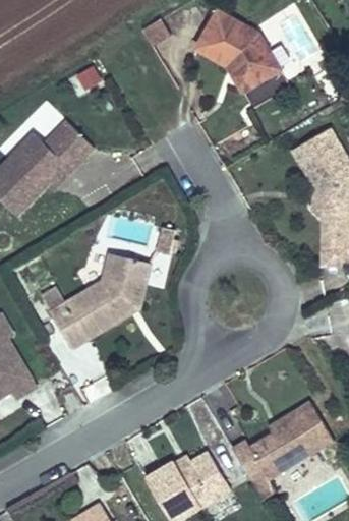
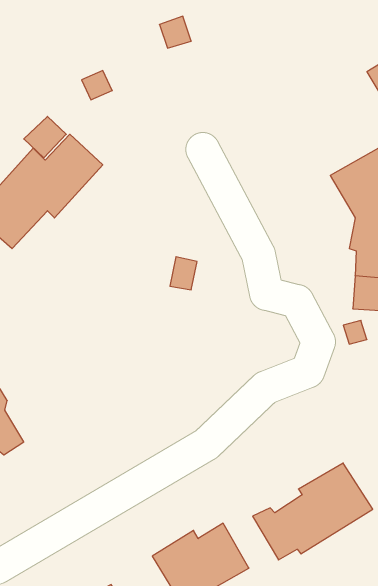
building: [196,8,285,90] -> none
building: [55,250,155,346] -> none

